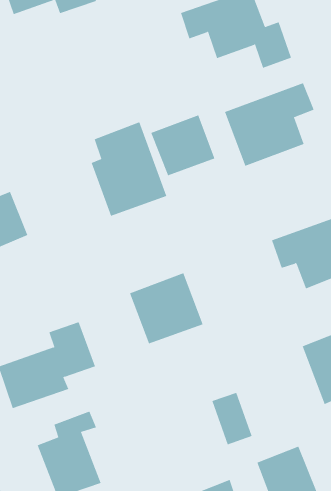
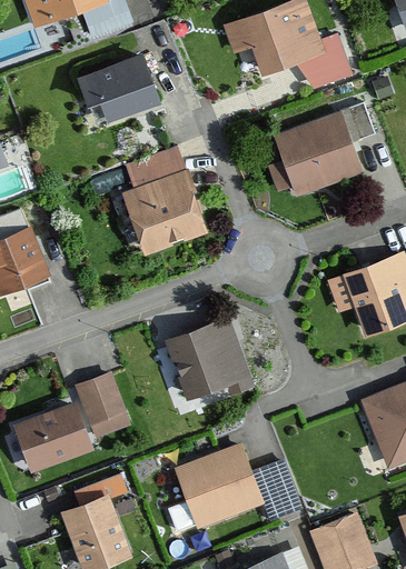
building: none -> [90,52,164,122]
building: [150,114,215,176] -> none
building: none -> [175,446,261,529]

